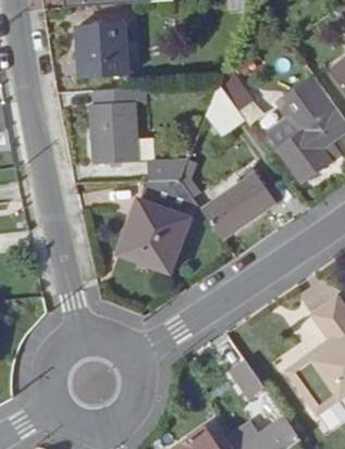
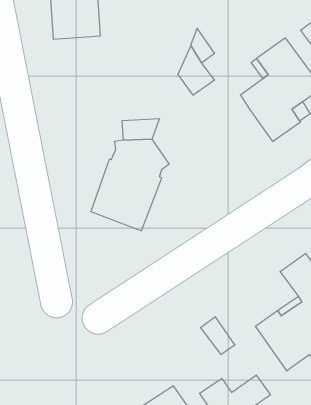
building: [90,89,138,164] -> none
building: [202,173,275,239] -> none

